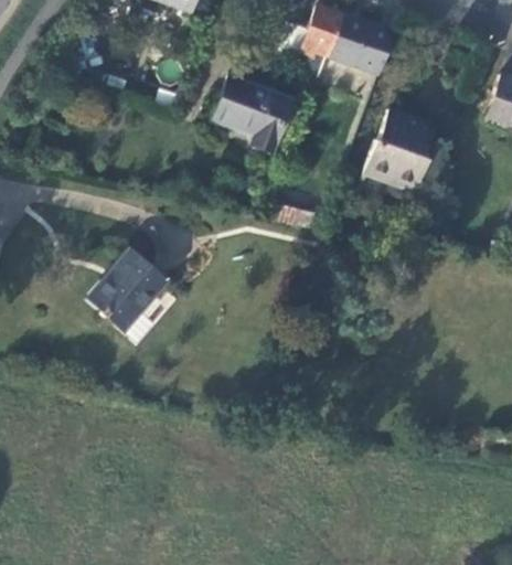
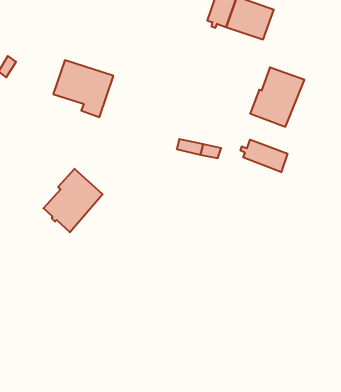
building: [215,79,296,156] -> [53,60,113,117]
building: none -> [241,140,287,172]

